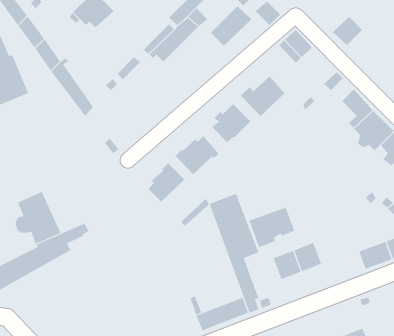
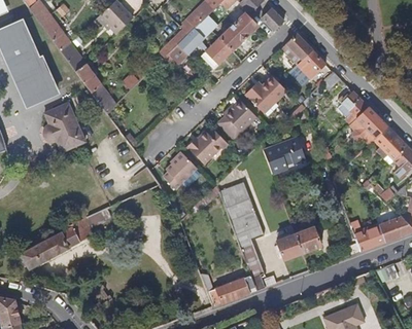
building: [332,16,363,46] -> [298,50,325,77]
building: none -> [201,37,233,69]
building: [15,191,61,245] -> [43,103,85,151]
building: [248,207,295,248] -> [263,137,305,174]

